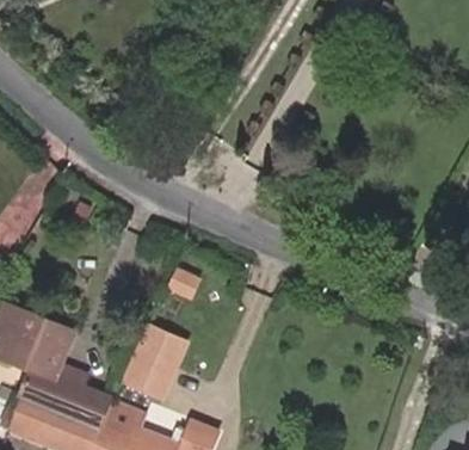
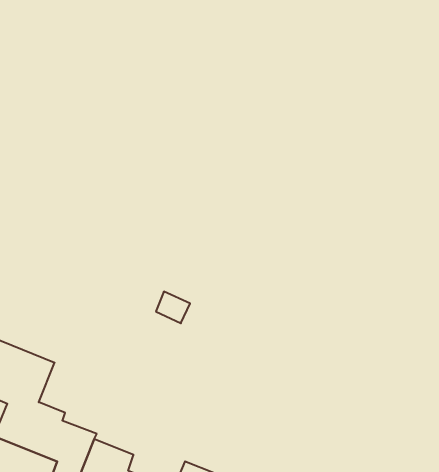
building: [124,329,185,401] -> none

